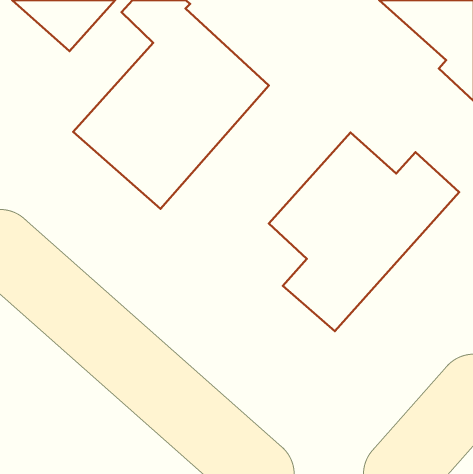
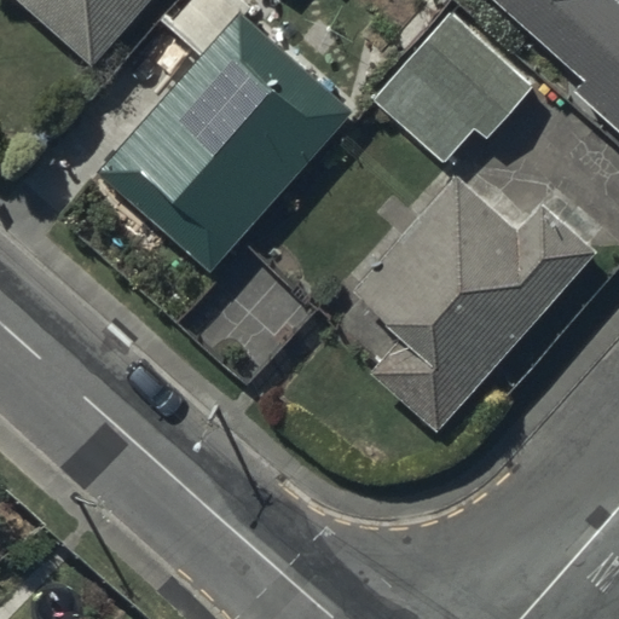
building: none -> [370,10,537,163]

